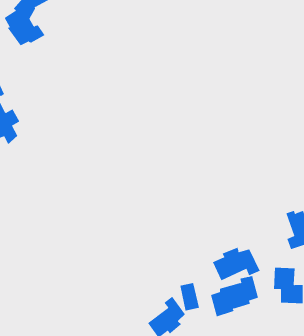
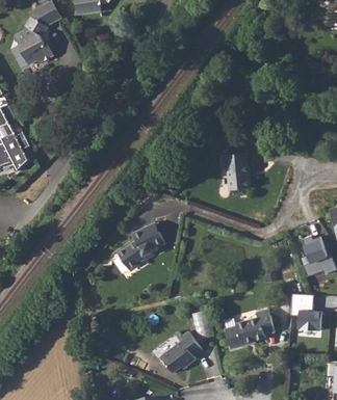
building: none -> [222,155,250,192]
building: none -> [123,221,170,265]
building: [212,247,260,281] -> none

